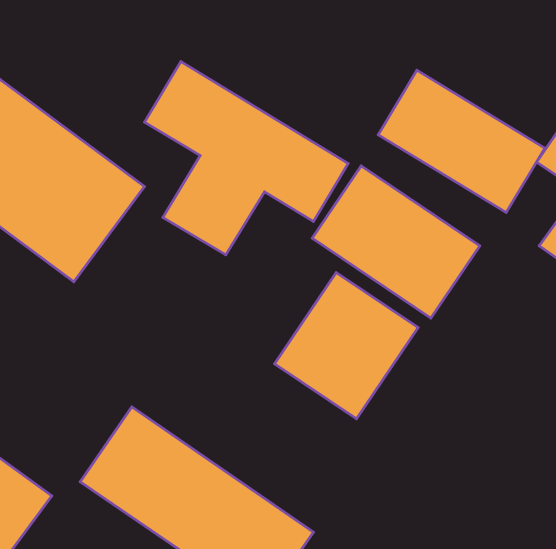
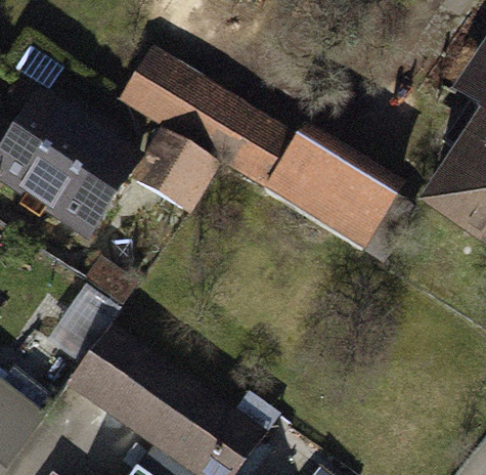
building: [378,70,545,212] -> none
building: [275,272,418,419] -> none

